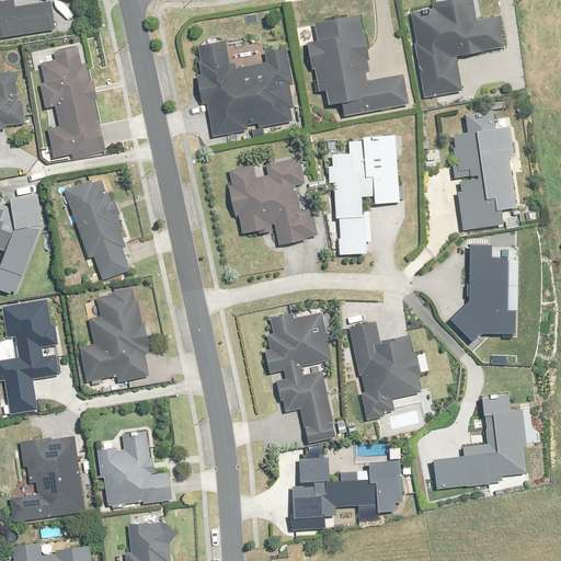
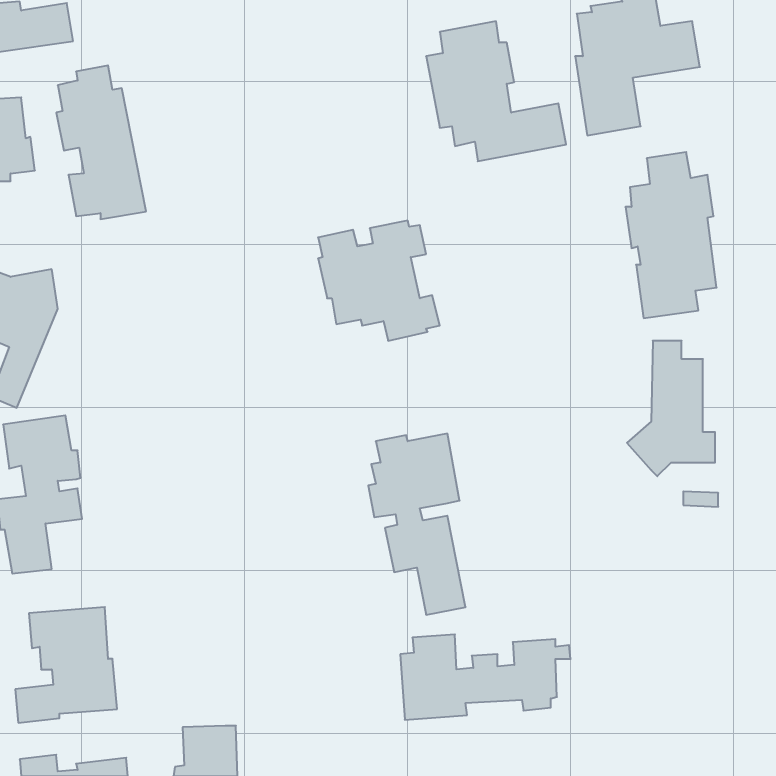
building: [194,42,294,137] -> none
building: [328,134,399,253] -> none
building: [66,179,129,279] -> none
building: [80,288,151,381] -> none
building: [343,322,420,420] -> none
building: [434,392,528,489] -> none
building: [98,433,172,506] -> none

